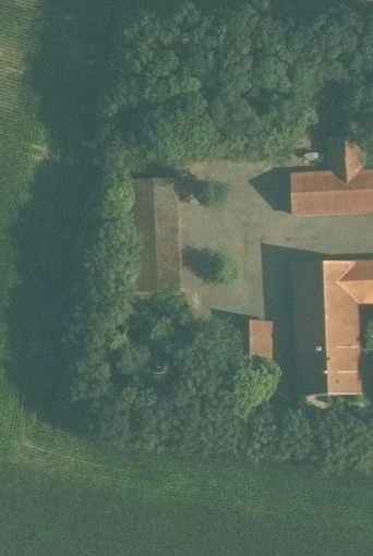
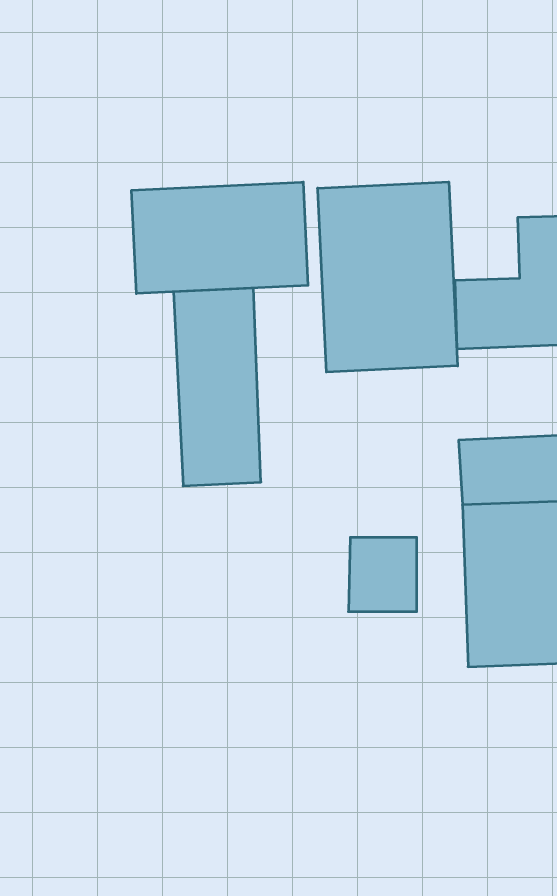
building: none -> [318,182,458,372]
building: none -> [132,182,308,294]

